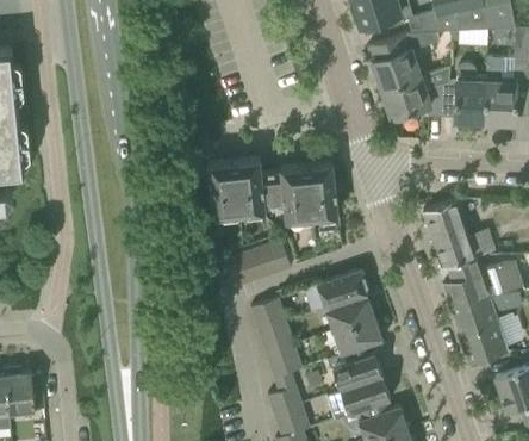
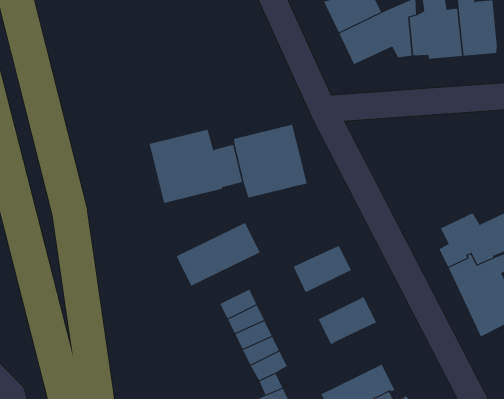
building: [422,201,494,269] -> none
building: [324,294,373,333] -> none
building: [329,347,381,392] -> none

